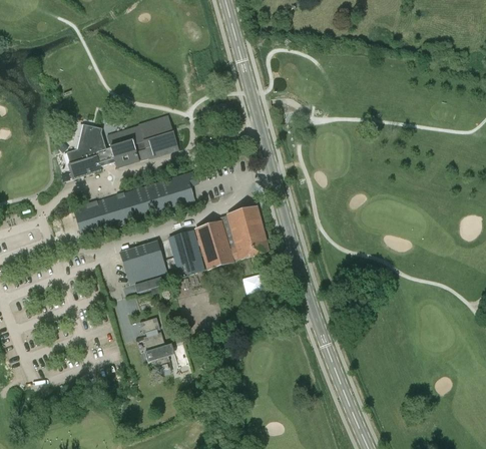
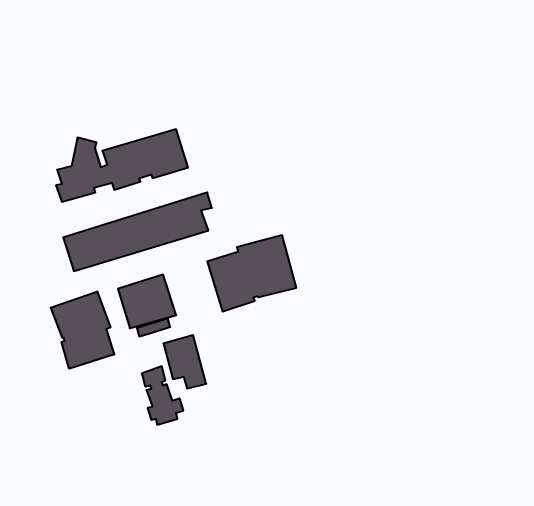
building: [168,229,204,274] -> [163,335,206,389]
building: none -> [51,291,114,369]

